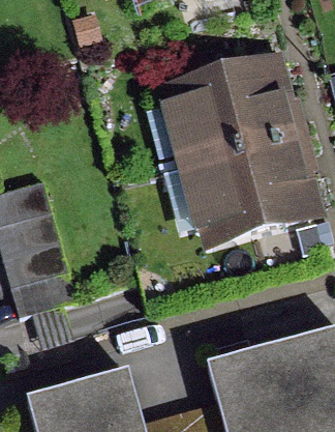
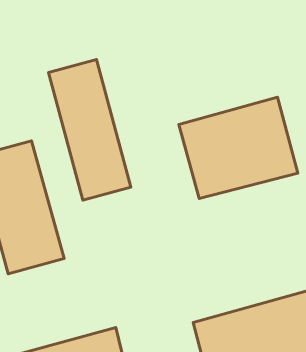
building: [171,60,292,165] -> none
building: none -> [49,60,131,200]

